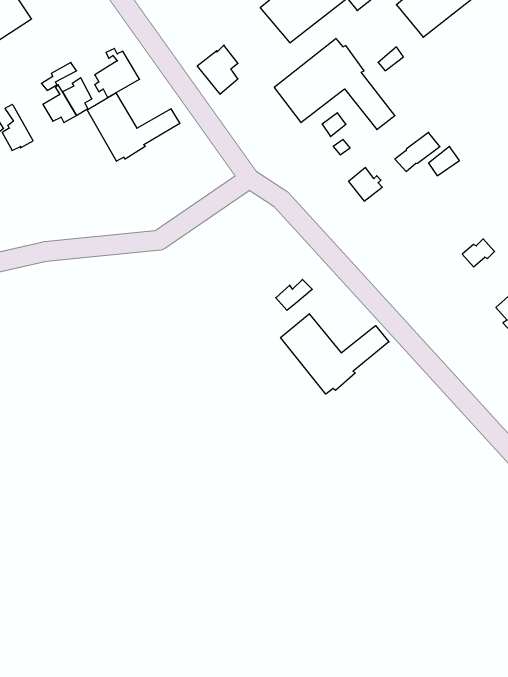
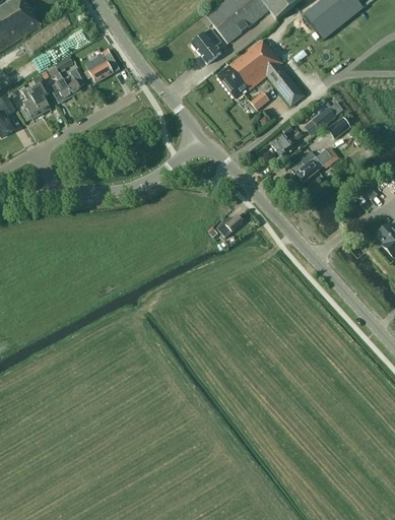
building: [197,45,238,94] -> [191,27,220,63]
building: none -> [27,74,51,113]
building: [87,93,180,161] -> none
building: none -> [291,148,332,181]
building: [281,314,389,394] -> none

